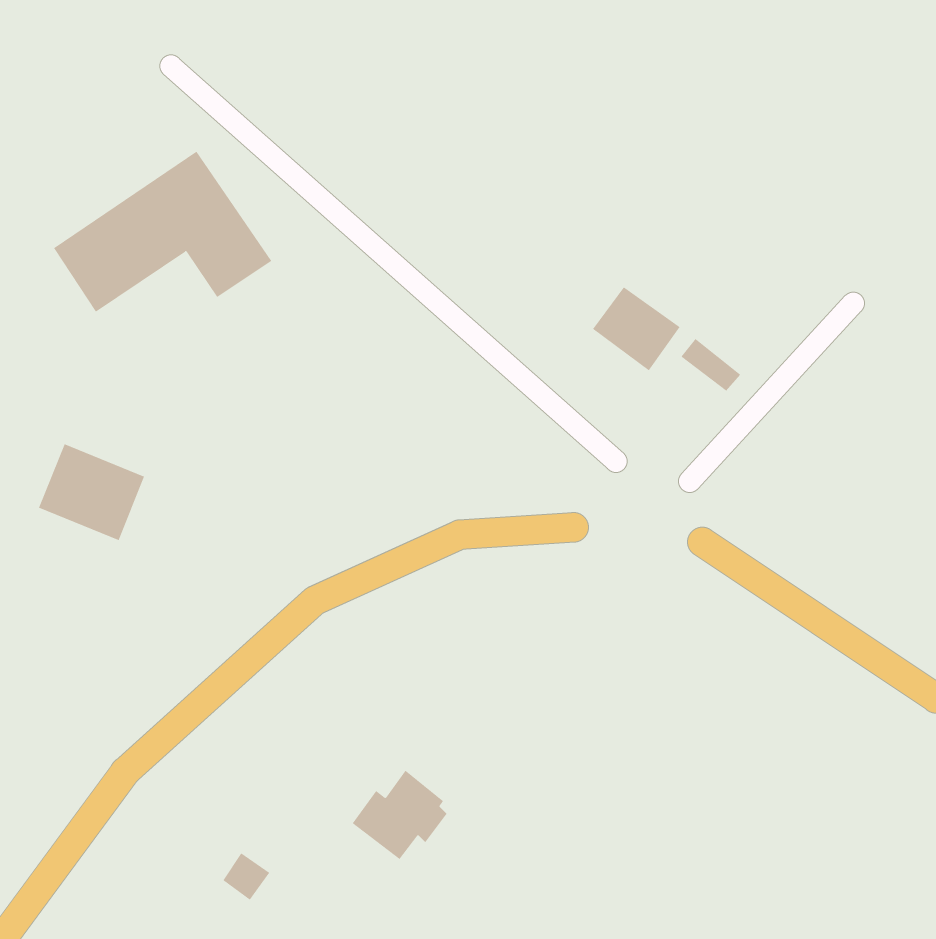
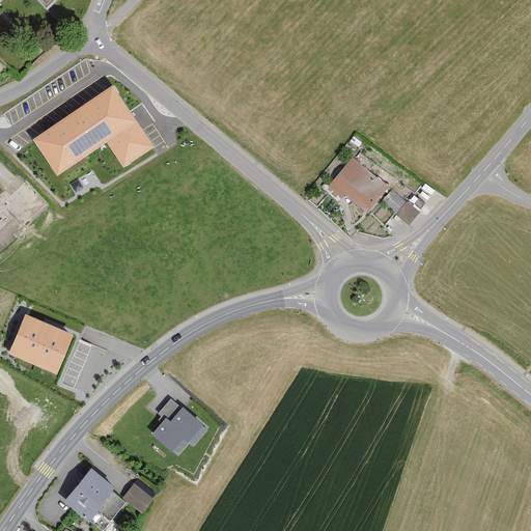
building: [38,443,145,541] -> [9,317,69,372]
building: [352,770,448,860] -> [150,402,204,453]
building: none -> [66,473,123,518]

